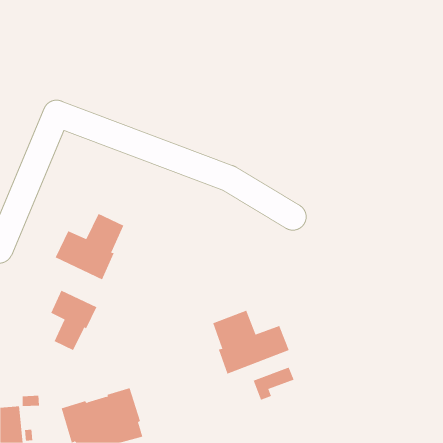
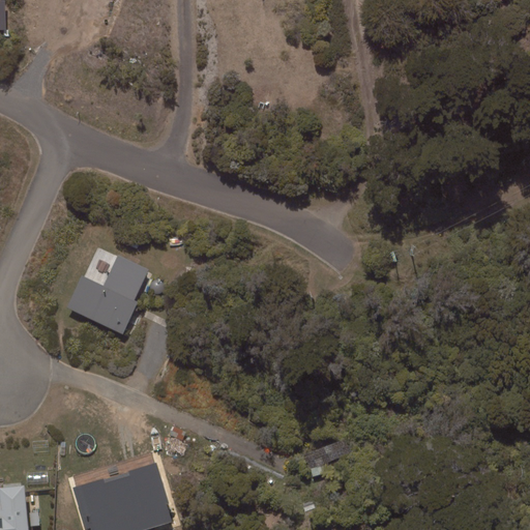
building: [51,290,97,351] -> none
building: [212,310,290,375] -> none

